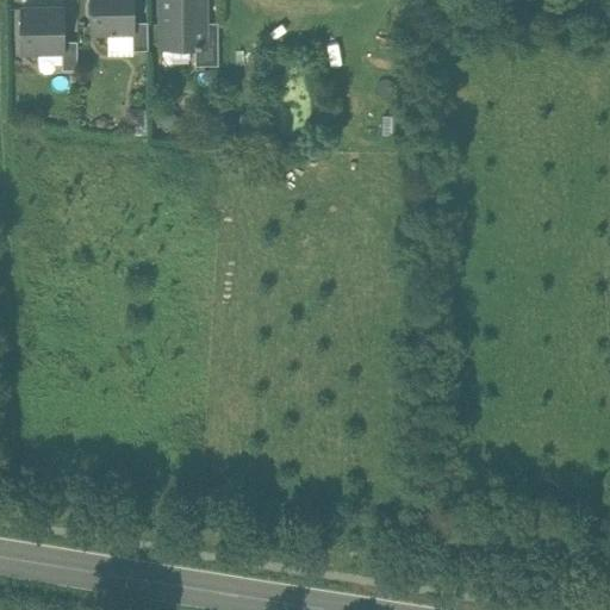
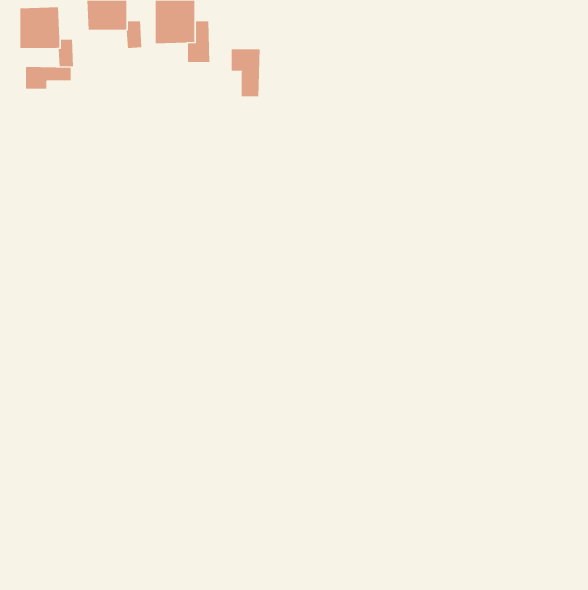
building: none -> [231,49,260,97]
building: none -> [25,66,71,89]

